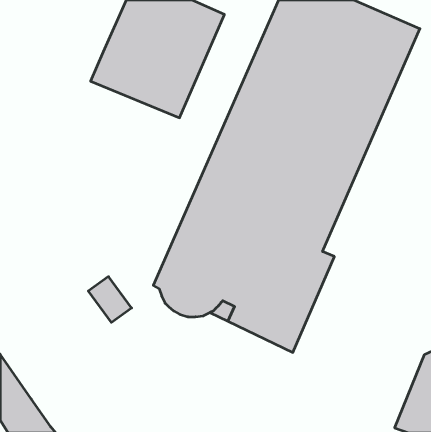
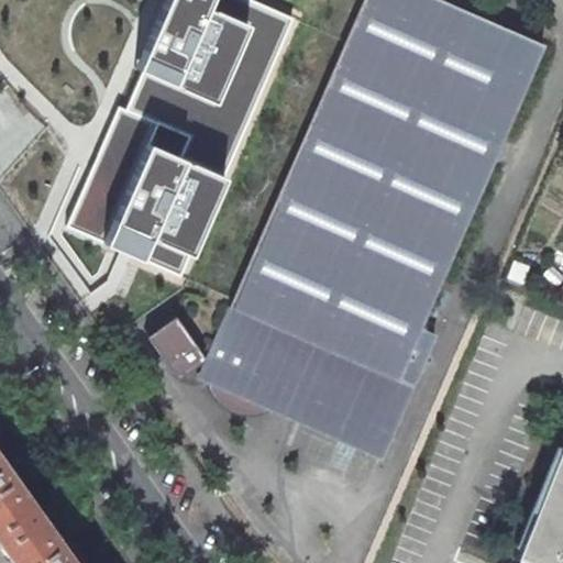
building: none -> [68,107,235,277]
building: [88,277,132,322] -> [150,318,206,377]

